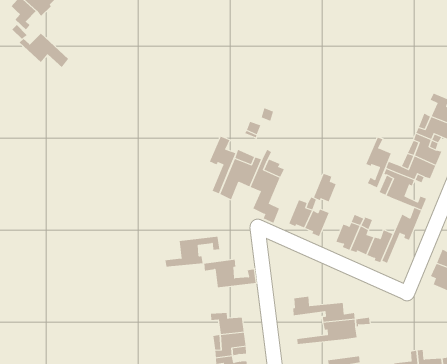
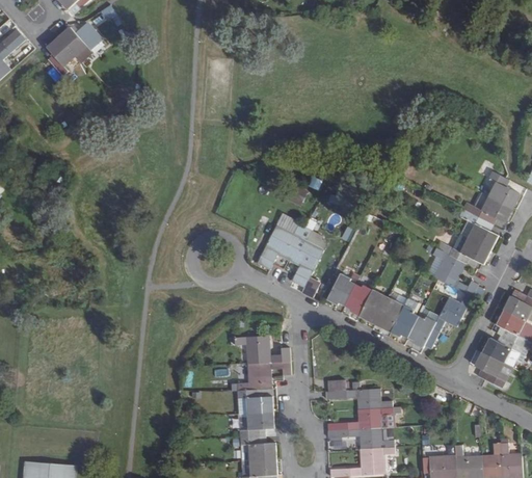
building: [19,33,69,68] -> none
building: [209,136,236,194] -> none
building: [366,137,392,188] -> none
building: [313,173,337,202] -> [360,291,385,322]
building: [165,236,220,267] -> [230,361,290,390]
building: none -> [327,427,394,448]

